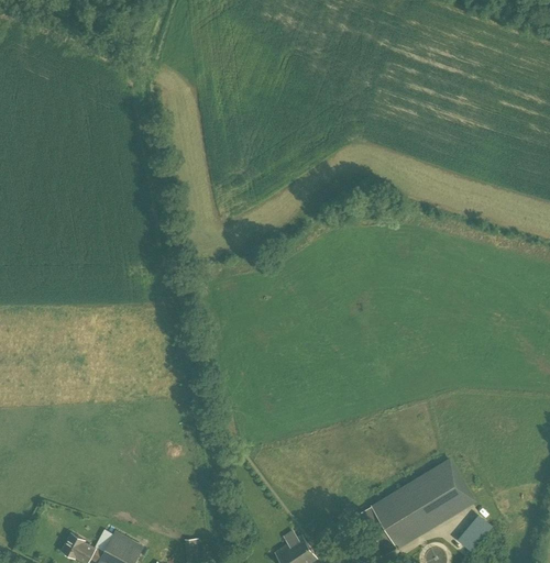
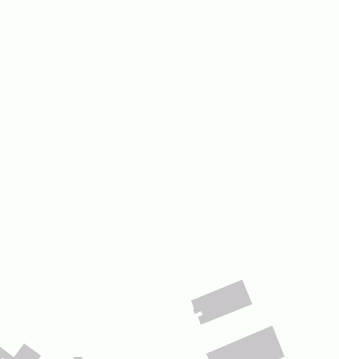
building: none -> [190,279,253,325]

